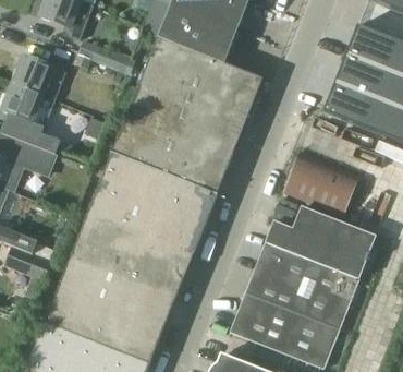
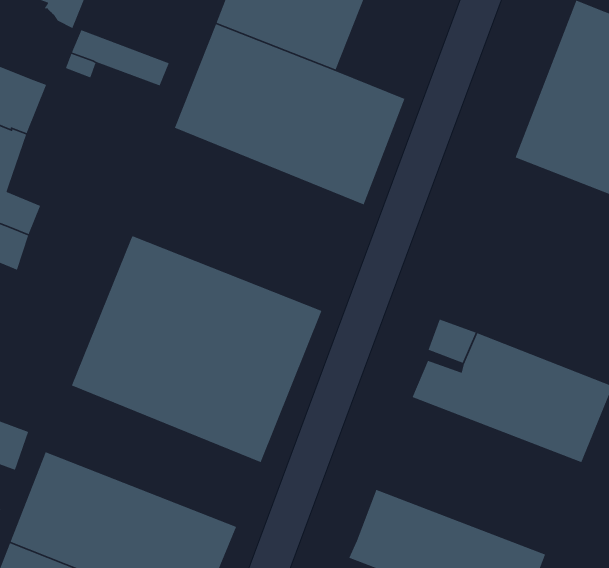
building: [112,95,240,195] -> none
building: [283,151,361,218] -> none
building: [64,237,183,314] -> none
building: [246,243,359,329] -> none

